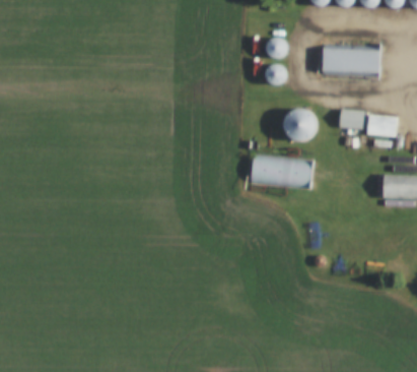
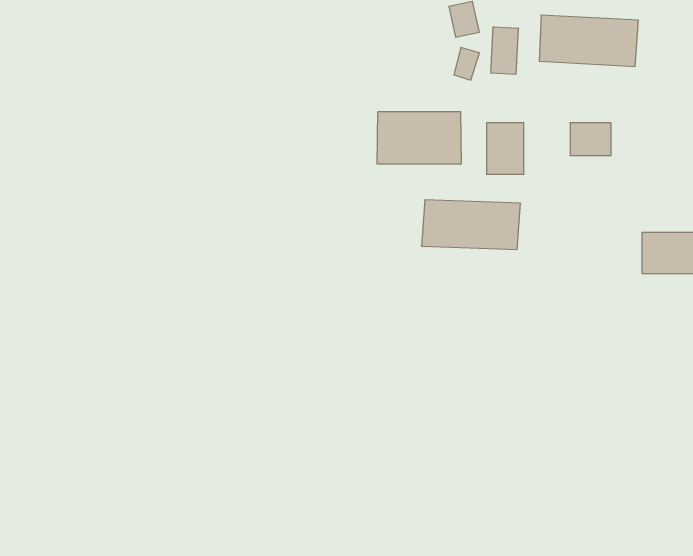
building: none -> [491,27,518,74]
building: none -> [377,112,461,164]
building: [367,115,397,136] -> none

